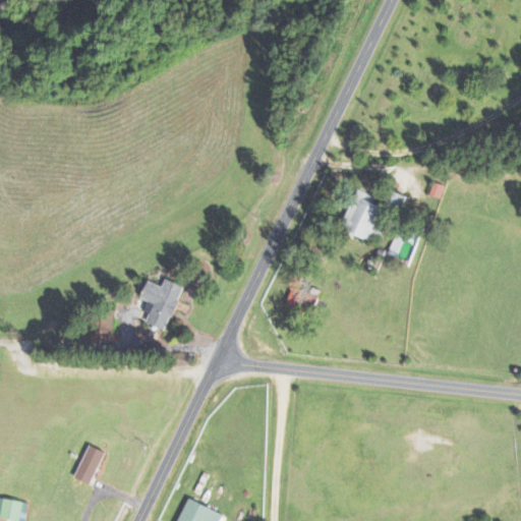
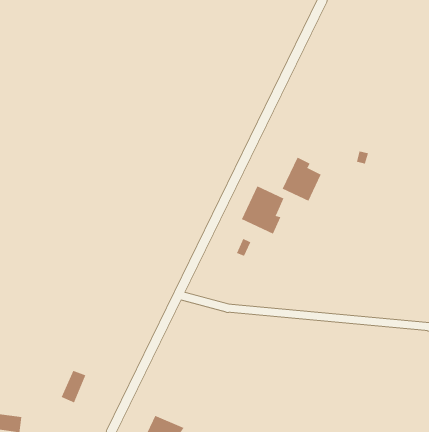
building: none -> [241,185,284,234]
building: [140,279,183,331] -> none

